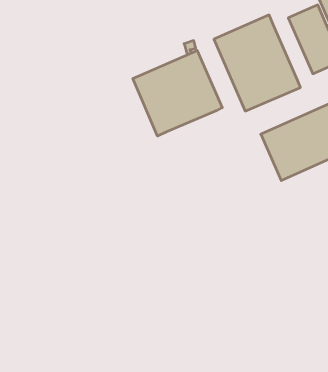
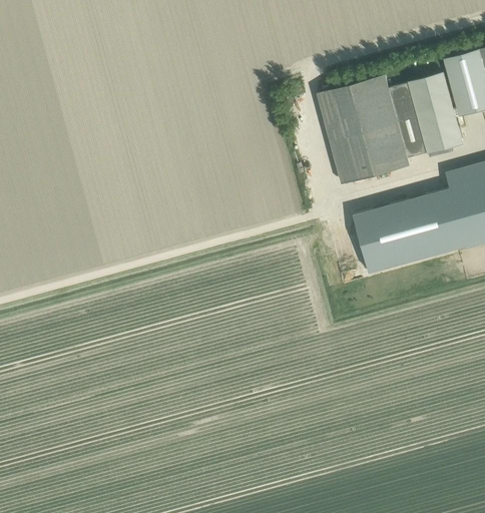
building: none -> [388,82,426,157]
building: [133,50,222,136] -> none

